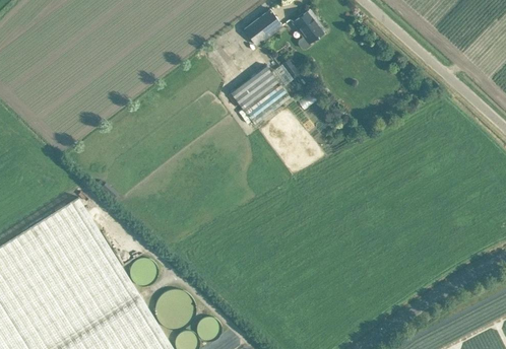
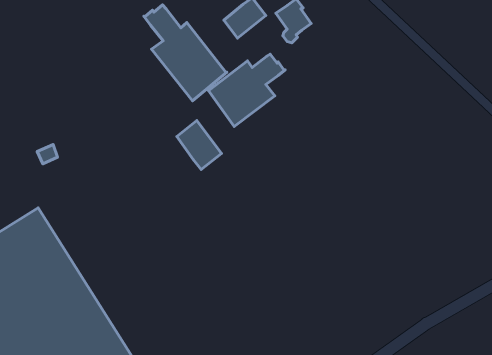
building: none -> [144,5,227,101]
building: none -> [177,120,221,169]

